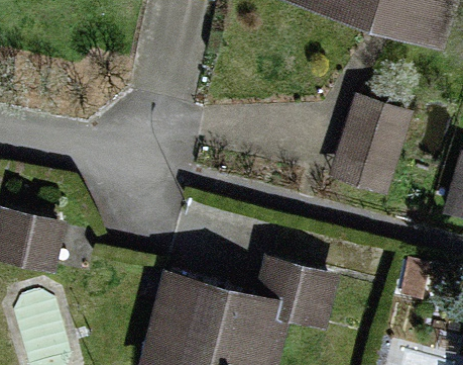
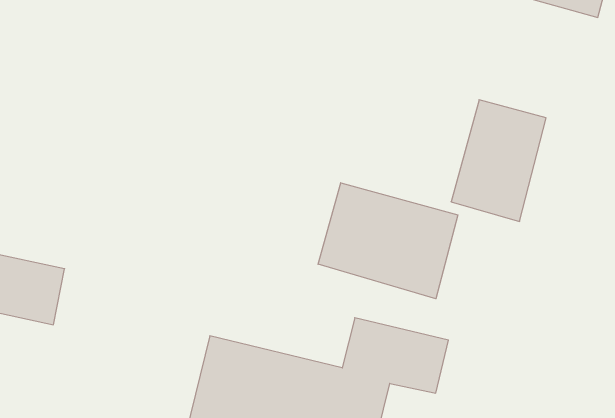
building: none -> [318,183,458,299]

